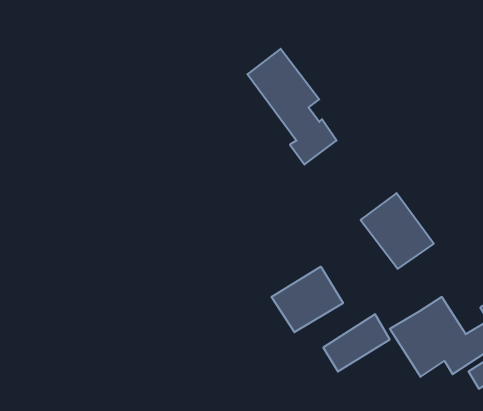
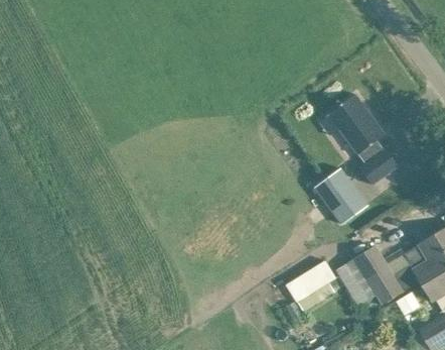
building: [247,49,337,165] -> [329,96,397,184]
building: [272,267,343,332] -> none

